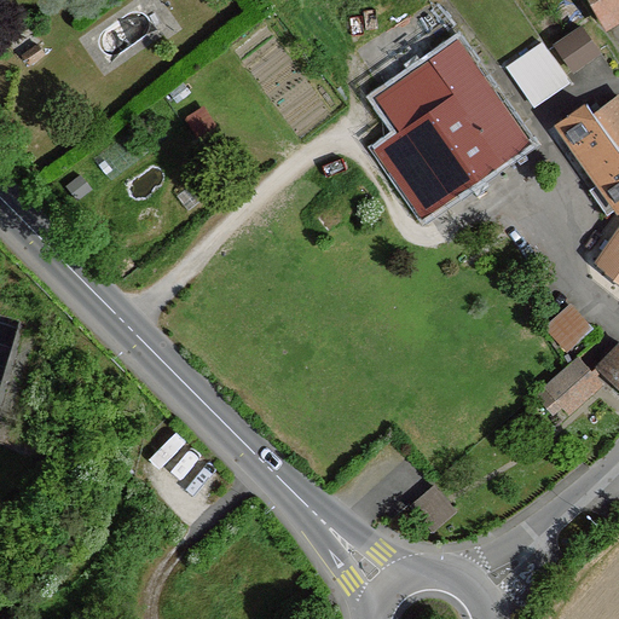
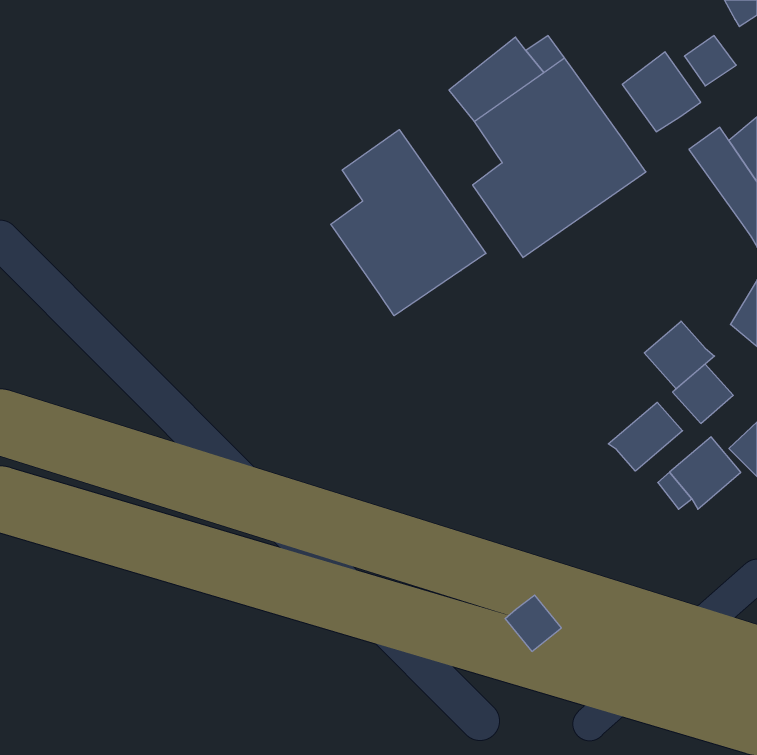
building: none -> [331,130,486,316]
building: none -> [644,321,715,389]
building: none -> [608,402,683,471]

